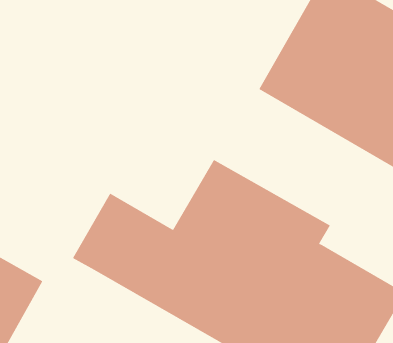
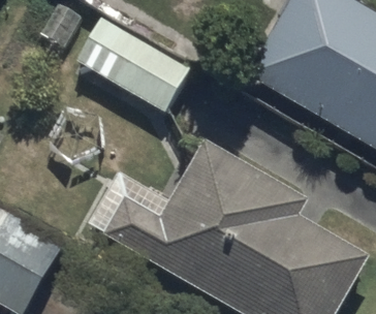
building: none -> [67,10,193,117]

